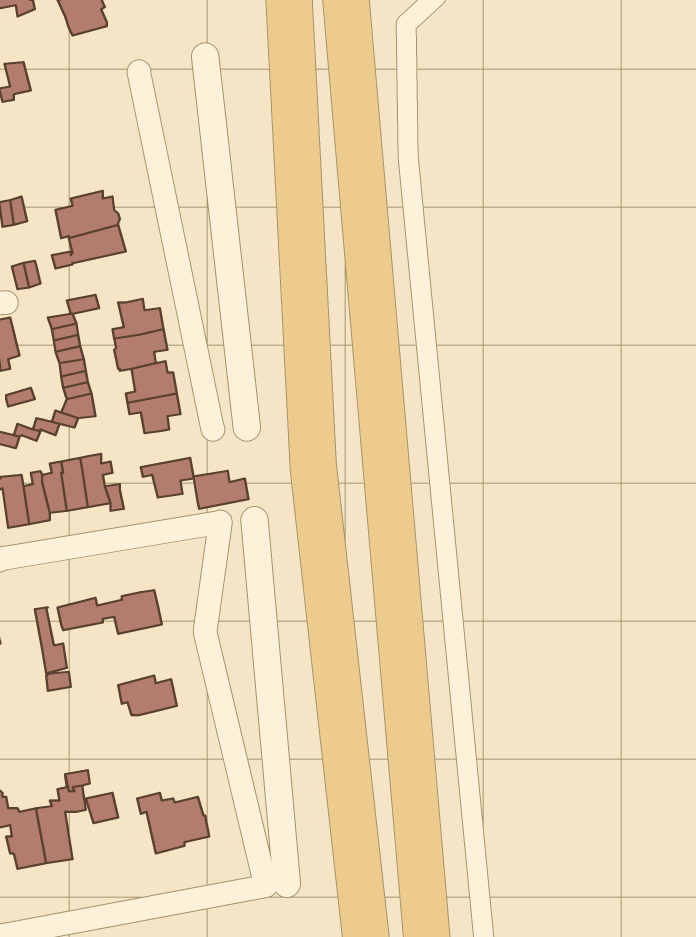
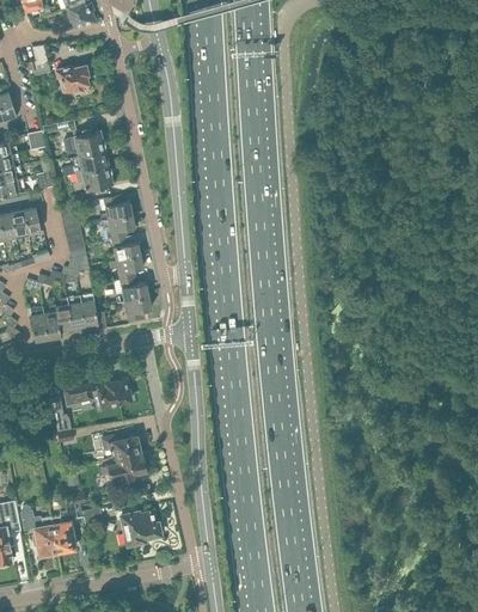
building: none -> [54,65,90,97]
building: none -> [74,166,111,192]
building: [194,471,249,509] -> [114,279,148,302]
building: none -> [99,453,146,483]

